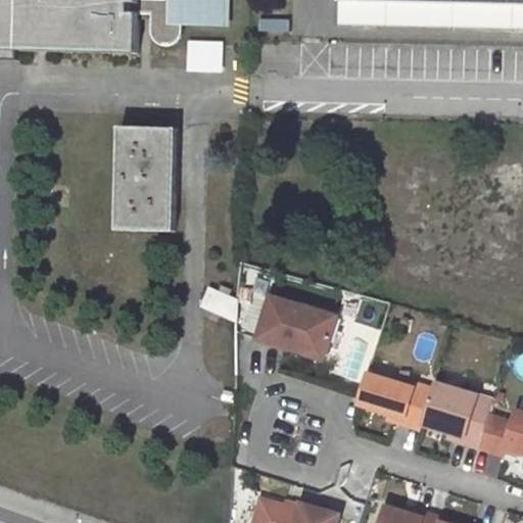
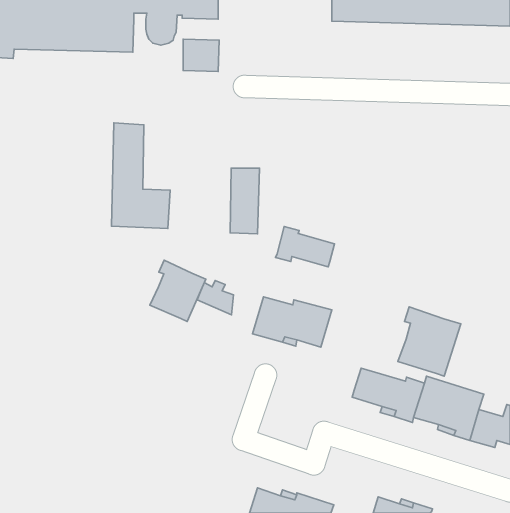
building: [145,127,175,193] -> [230,168,259,234]
building: none -> [276,227,335,267]
building: none -> [150,260,206,321]
building: none -> [398,307,461,376]

